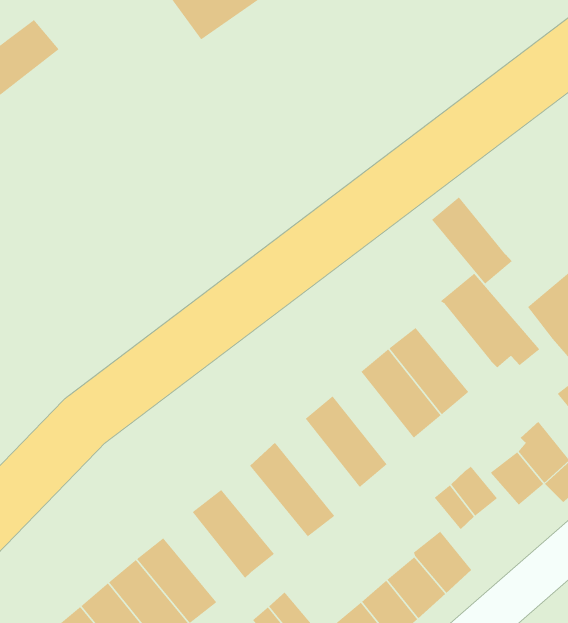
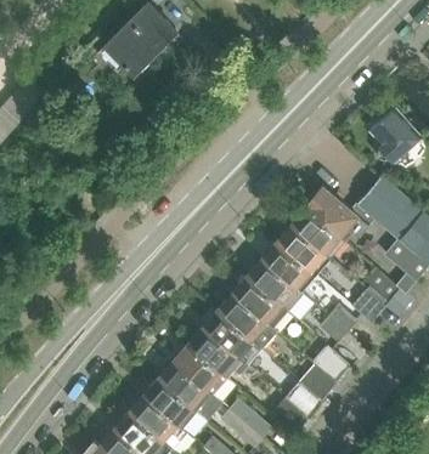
building: [431,196,513,284] -> [290,208,344,259]
building: none -> [247,257,301,311]
building: none -> [216,291,276,348]
building: none -> [188,325,245,376]
building: none -> [158,359,211,412]

